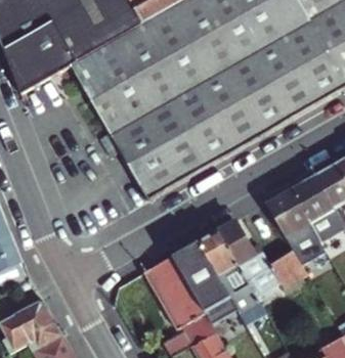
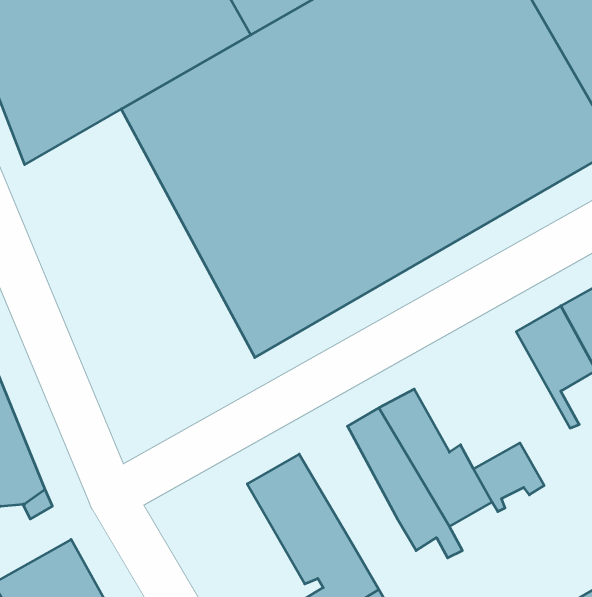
building: [264,187,319,245] -> none
building: [170,239,224,305] -> none

